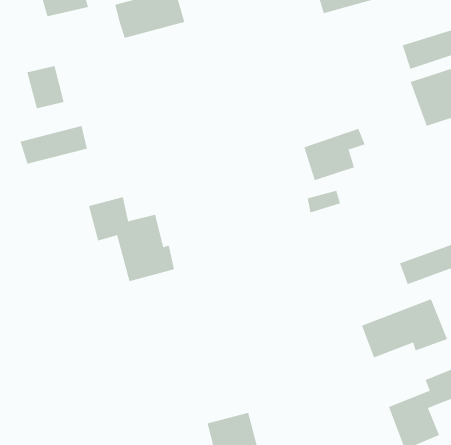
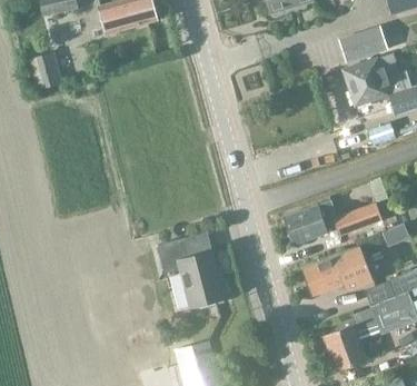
building: [20,125,88,164] -> none
building: [303,128,366,181] -> [285,201,336,245]
building: [88,196,175,282] -> [157,238,228,308]

